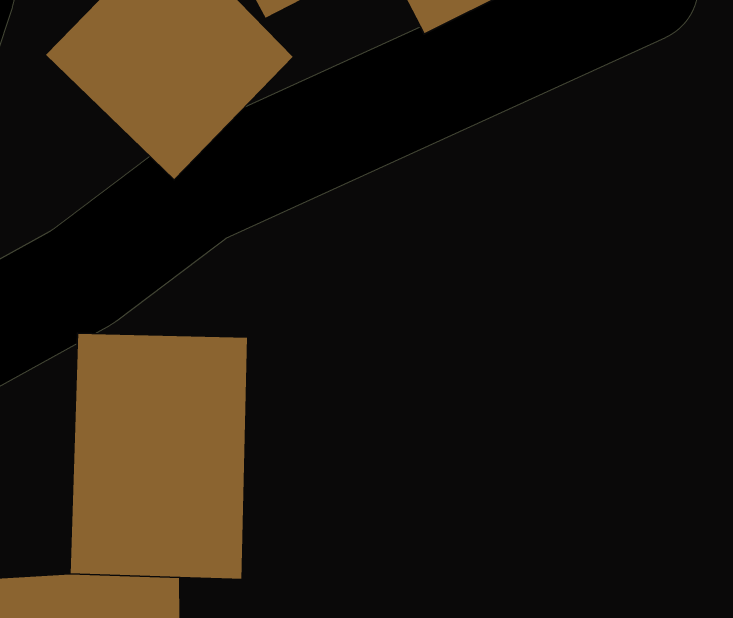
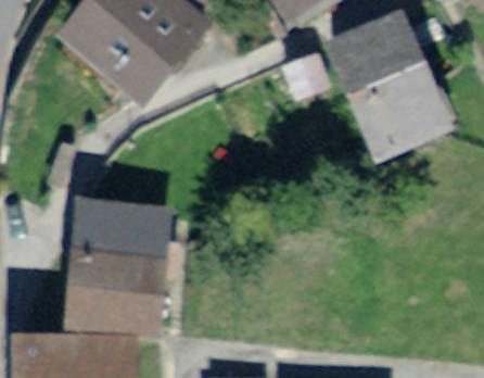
building: none -> [323,20,438,153]

